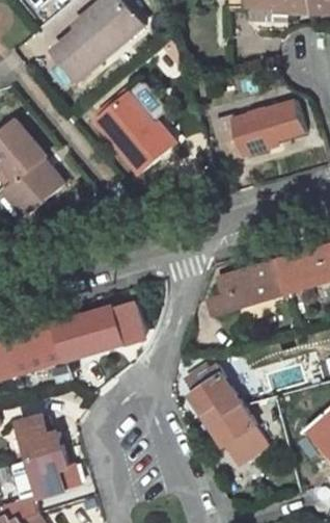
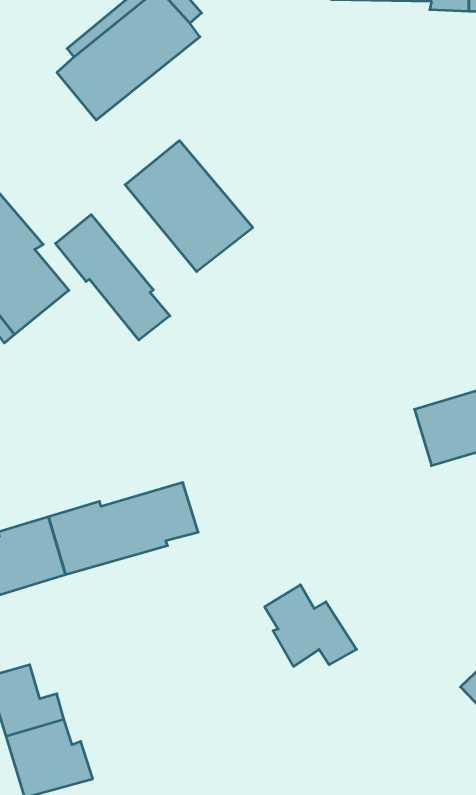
building: [217,101,300,161] -> none
building: none -> [55,215,170,340]
building: [202,259,284,315] -> none
building: [200,406,260,456] -> none

